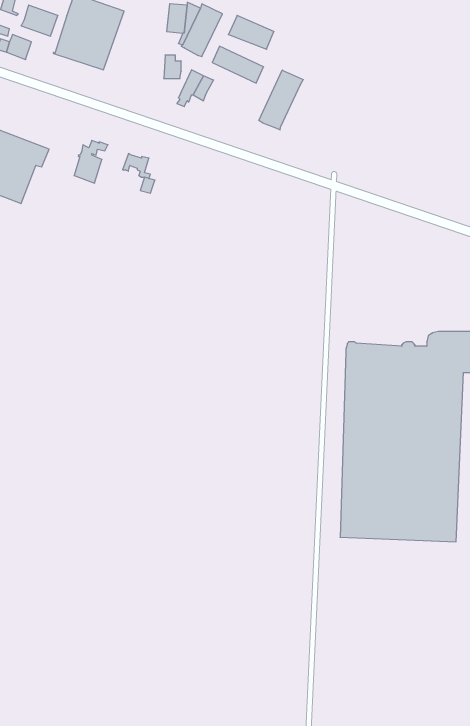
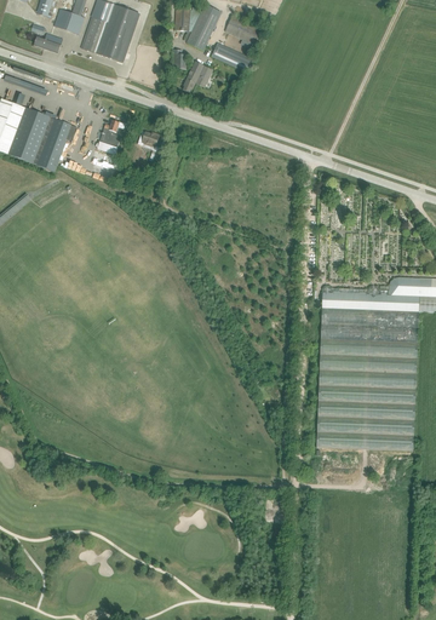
building: [259,70,303,130] -> none

